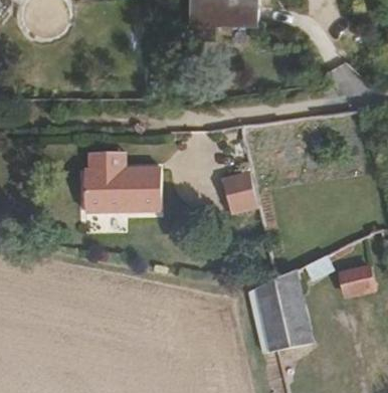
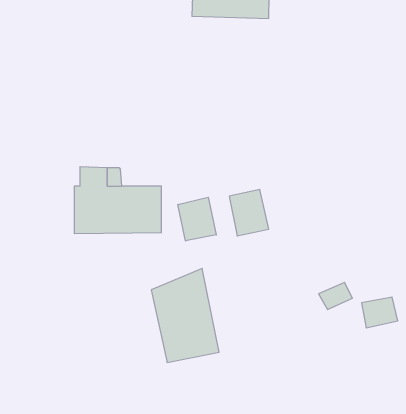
building: none -> [178,197,216,241]
building: [249,269,310,353] -> [151,268,219,362]

